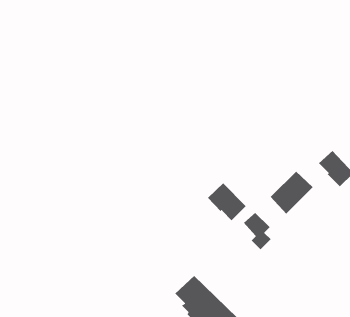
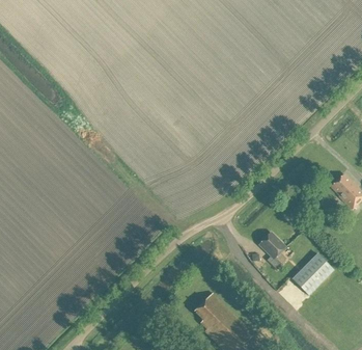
building: [270,171,313,214] -> [293,253,334,295]
building: [207,183,246,221] -> none

